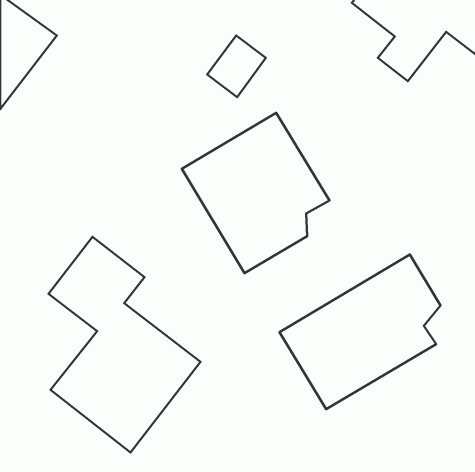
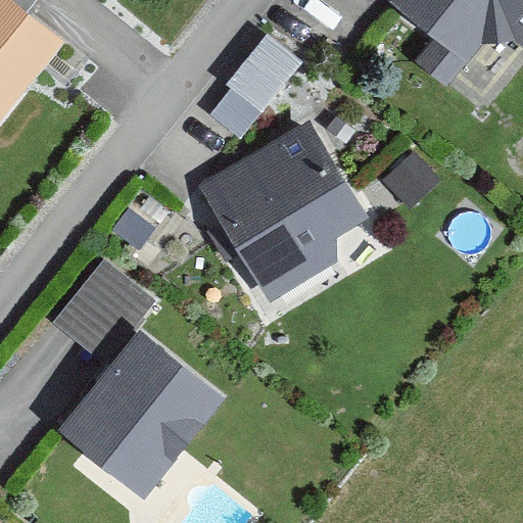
building: [280,254,440,409] -> none

